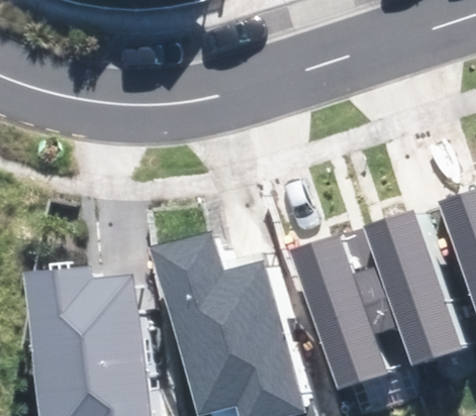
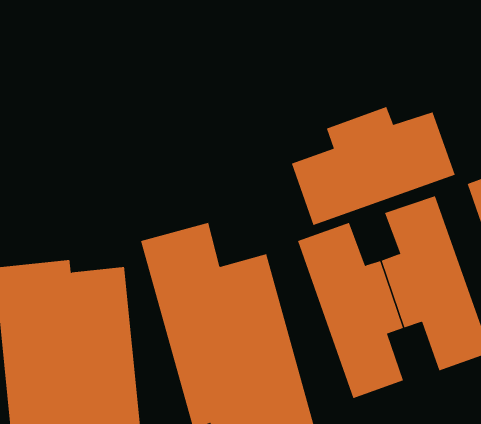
building: none -> [291,106,456,226]

